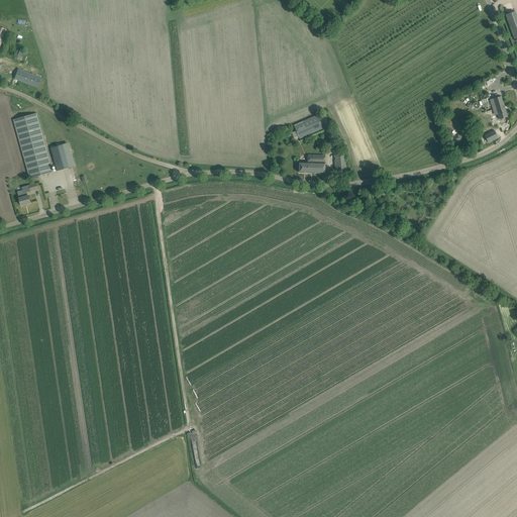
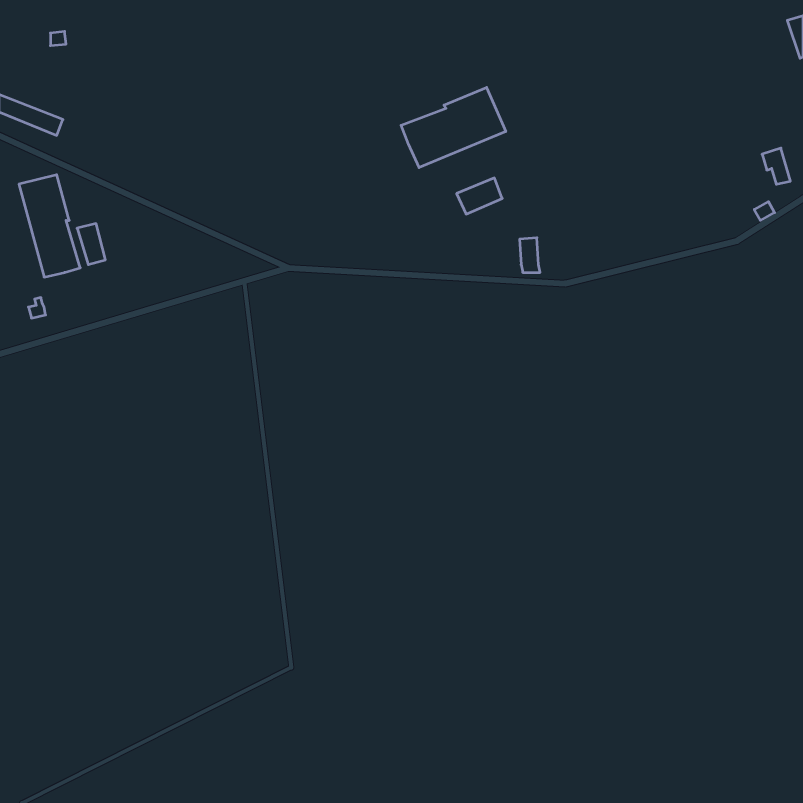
building: none -> [401,87,506,168]
building: [299,153,324,173] -> none

